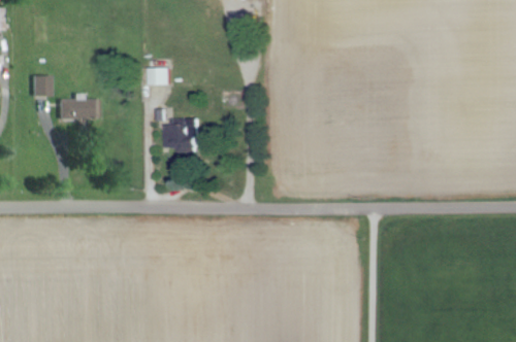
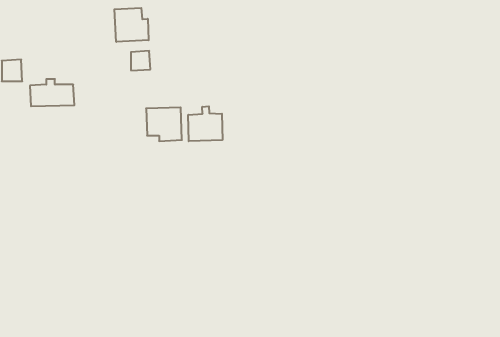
building: none -> [114,8,149,42]
building: none -> [188,106,222,141]

